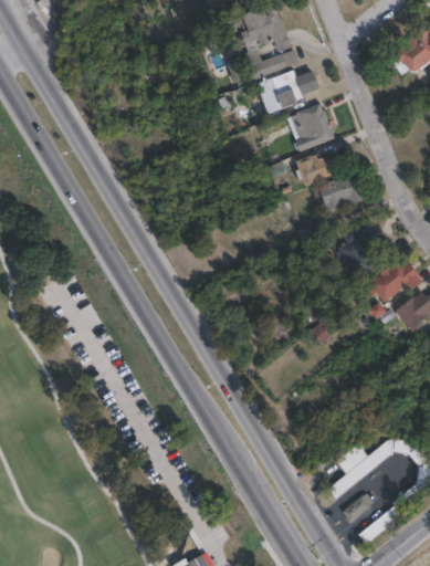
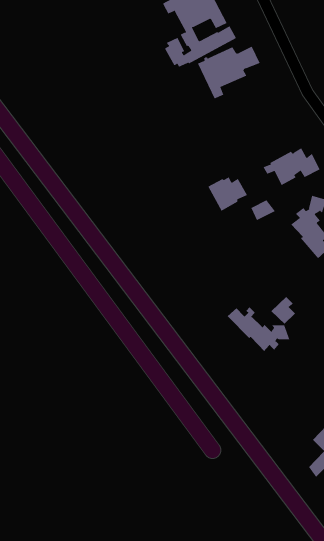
building: [292,103,336,151] -> none
building: [297,154,336,187] -> [207,177,248,211]
building: none -> [227,306,290,352]

